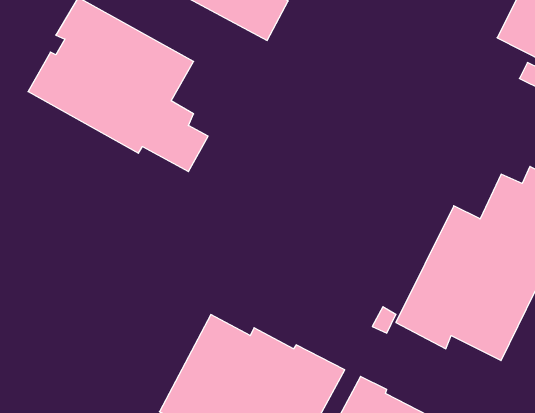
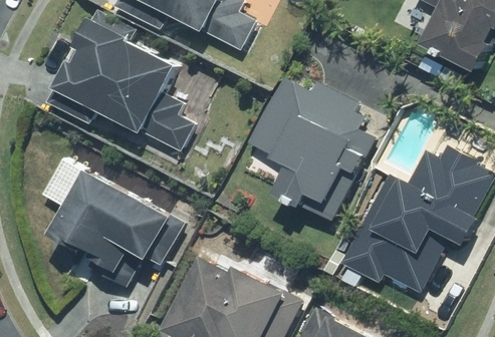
building: none -> [249,82,366,218]
building: none -> [41,156,185,272]

